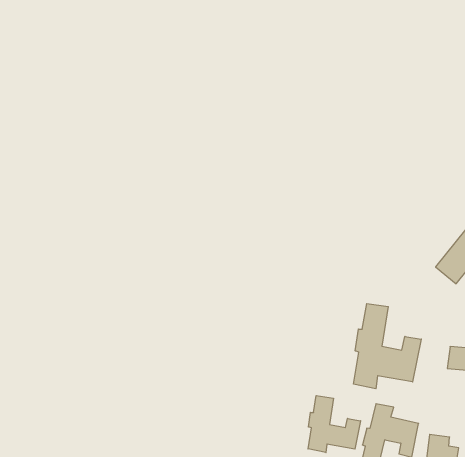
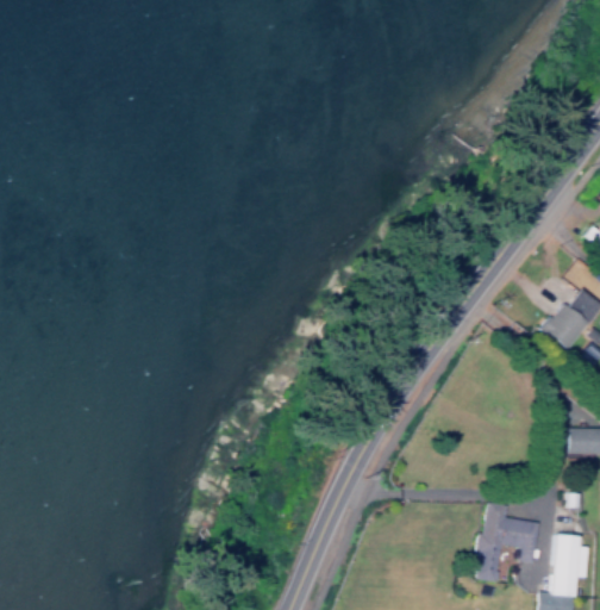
building: [354,304,421,389] -> none
building: [308,396,361,453] -> none

